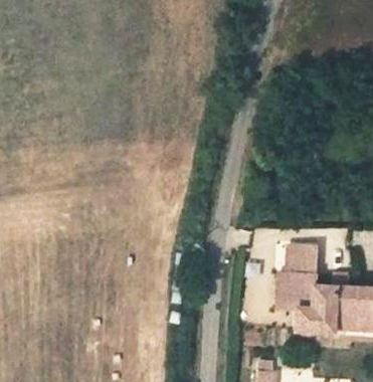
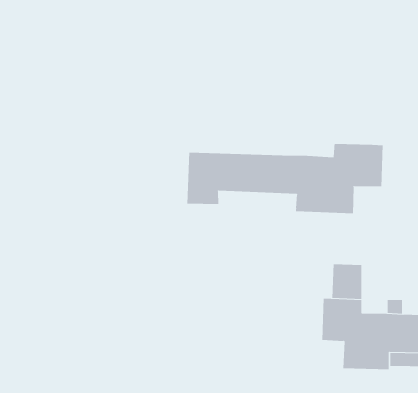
building: none -> [187,143,383,214]

